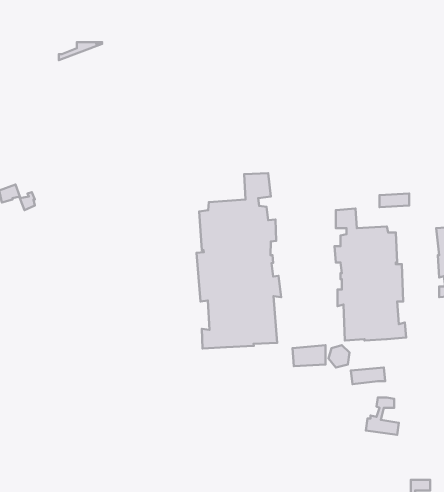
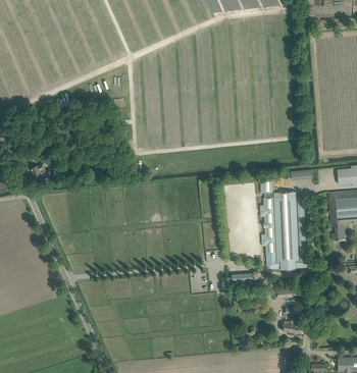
building: [197,173,281,348] -> none

